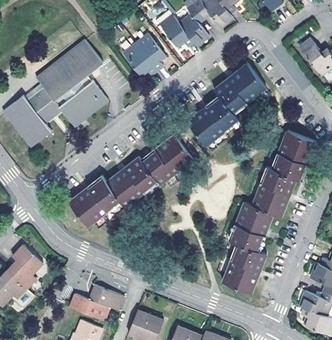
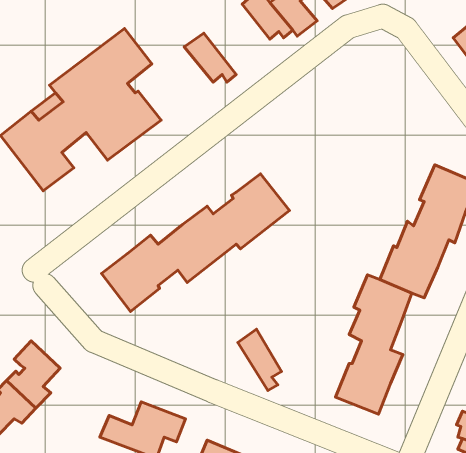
building: [136,33,165,70] -> none
building: [187,63,265,145] -> none
building: none -> [238,329,282,391]

